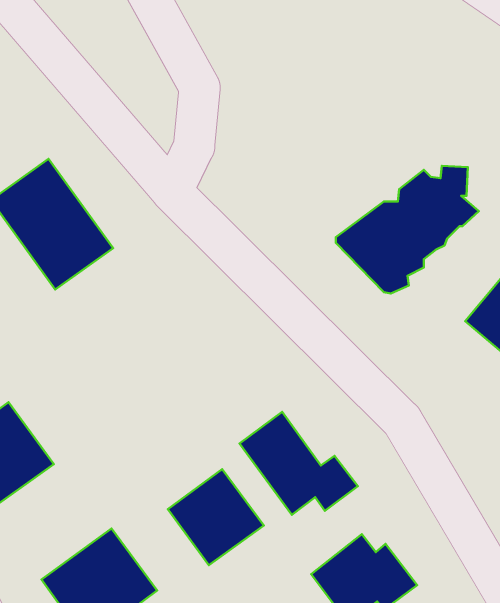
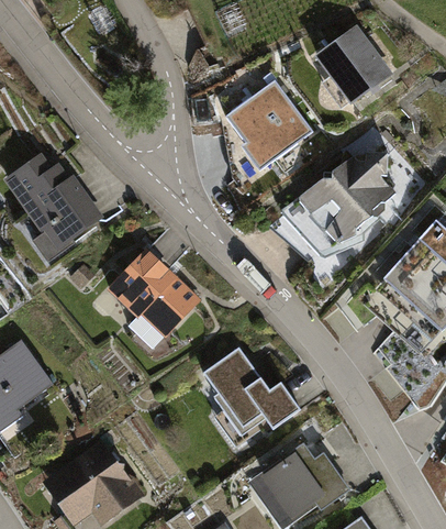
building: none -> [317,29,388,101]
building: none -> [225,87,313,173]
building: none -> [112,255,194,337]
building: [168,469,264,565] -> none

